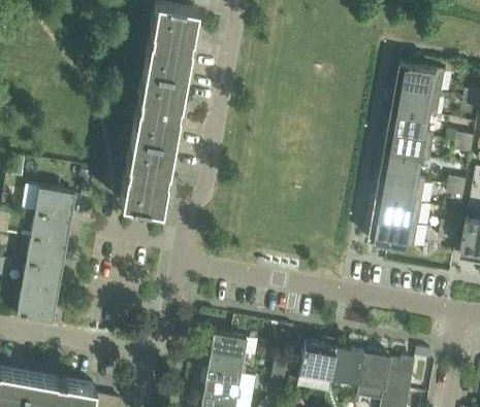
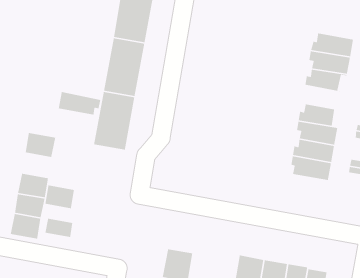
building: [383,130,435,161] -> none
building: none -> [58,91,101,116]
building: [31,214,69,245] -> [44,185,75,209]
building: none -> [45,218,73,238]

